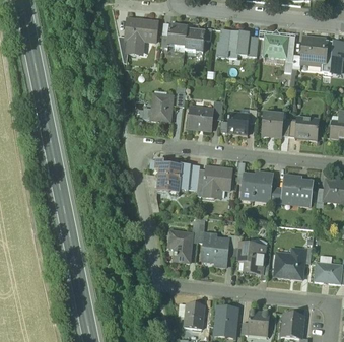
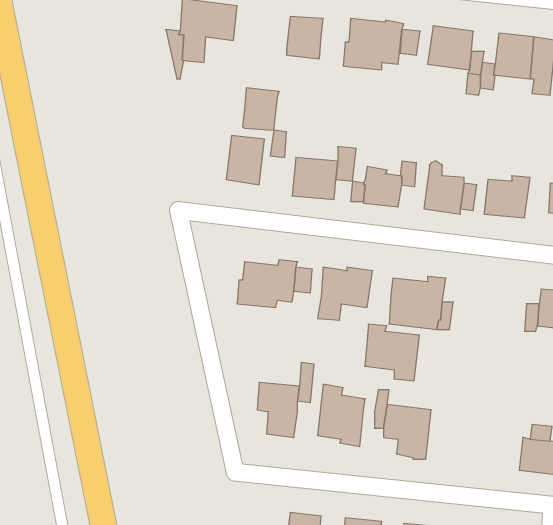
building: [167,23,188,47] -> [243,88,279,130]
building: [282,175,313,206] -> [365,324,420,381]
building: [274,248,305,279] -> none

